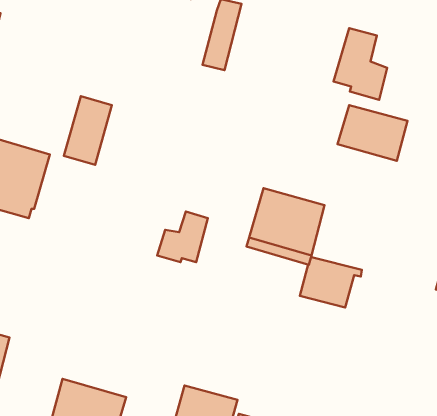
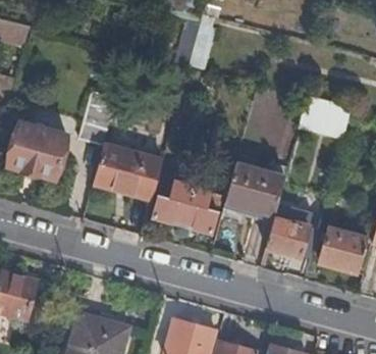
building: [333,28,387,100] -> none
building: none -> [94,145,163,198]
building: none -> [183,187,222,233]
building: none -> [321,229,367,272]

